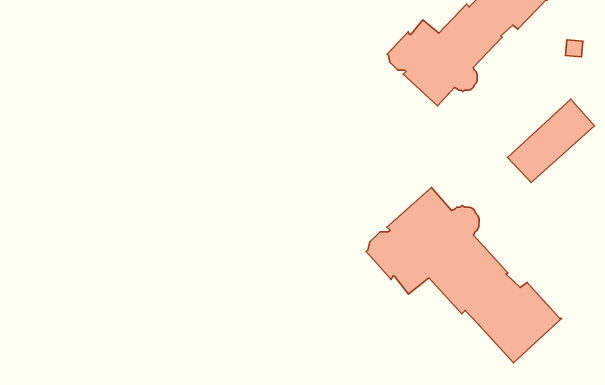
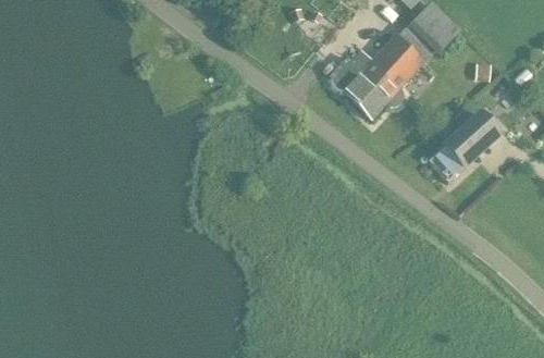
building: [366,188,562,363] -> none

